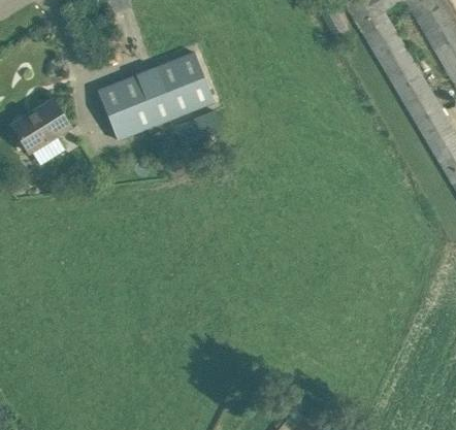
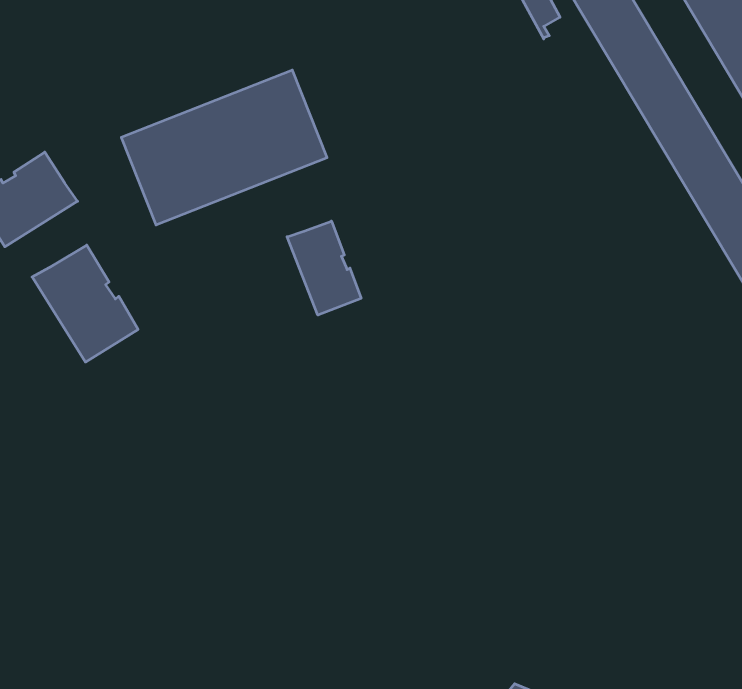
building: none -> [287,221,361,315]
building: none -> [32,245,138,362]

